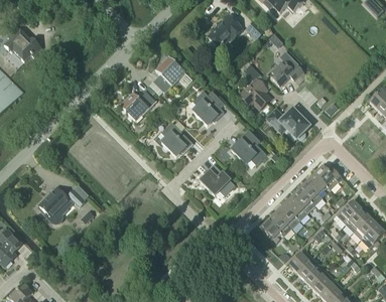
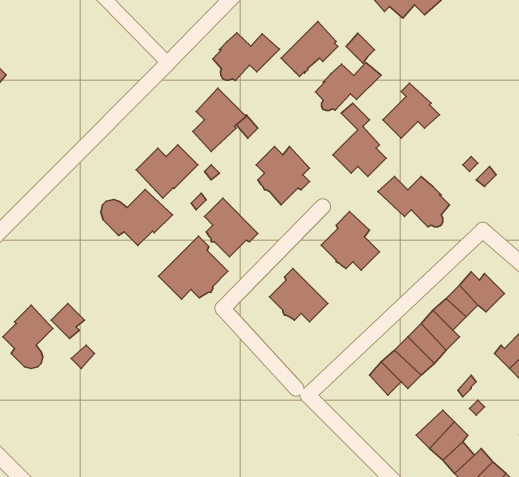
building: none -> [213,33,280,80]
building: none -> [316,62,381,111]
building: none -> [101,189,172,246]
building: none -> [159,236,228,299]

